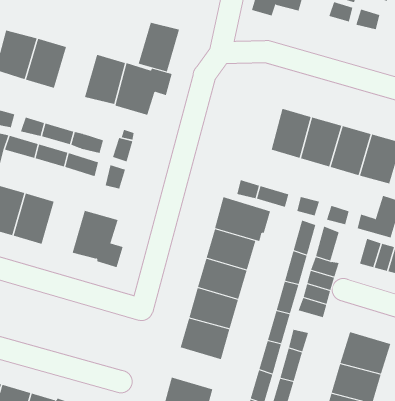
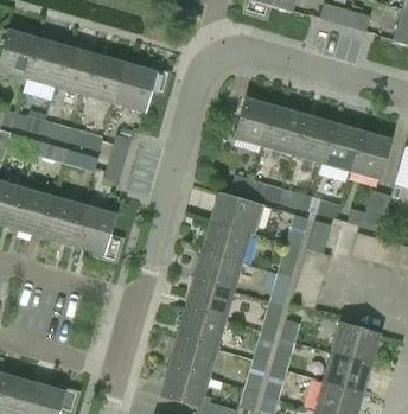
building: [138,22,180,72] -> [56,46,96,95]
building: none -> [235,97,275,146]
building: none -> [44,196,84,246]
building: none -> [168,337,217,377]

